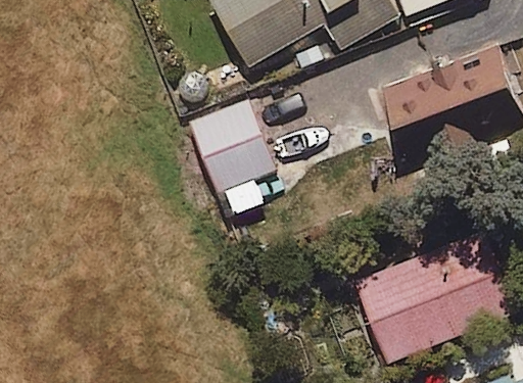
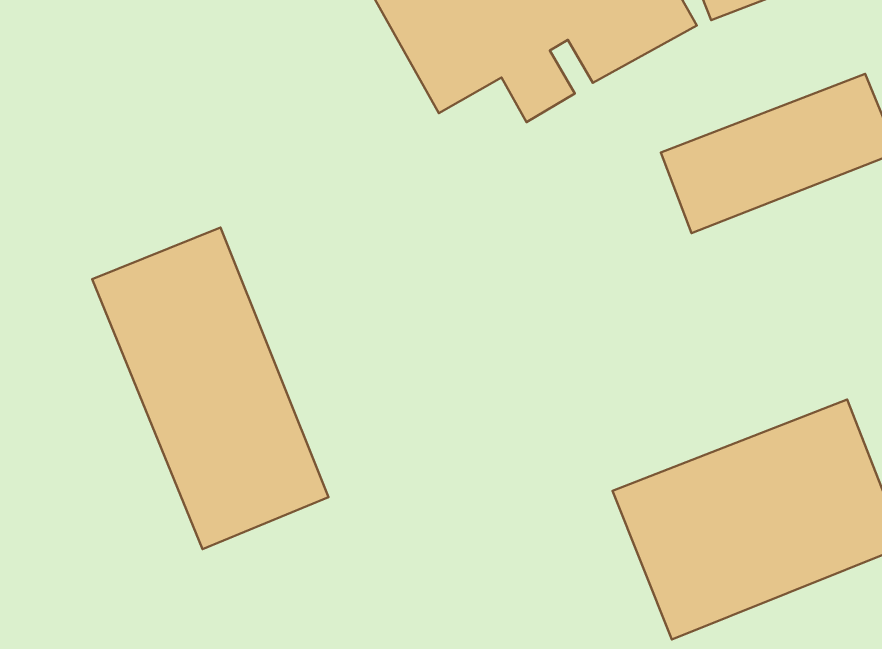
building: [191,99,276,217] -> none
building: none -> [92,227,329,549]

